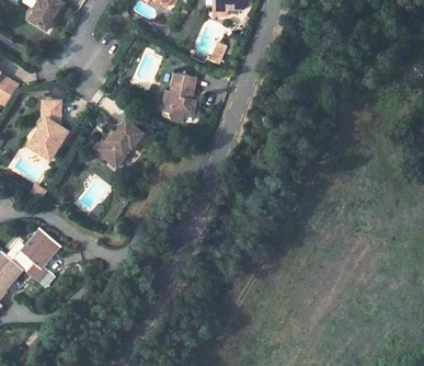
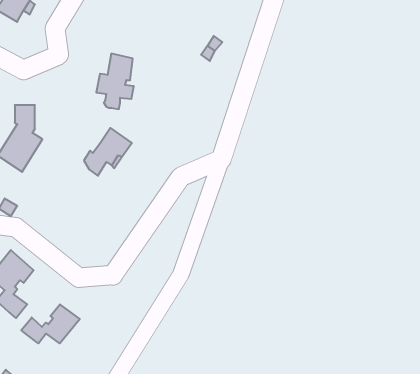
building: [163,75,196,123] -> [96,54,134,109]
building: none -> [21,304,80,343]

